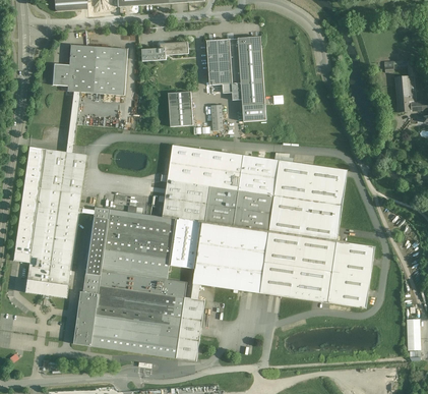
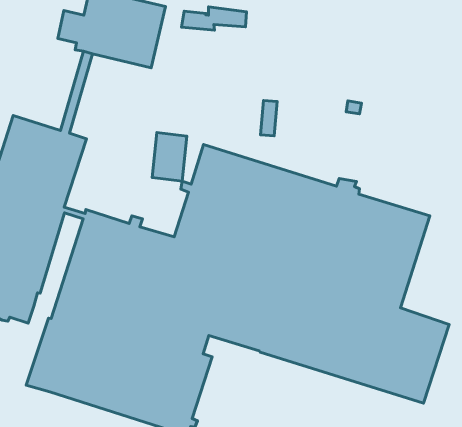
building: [205,37,265,121] -> none
building: [168,92,192,126] -> [152,133,187,181]

